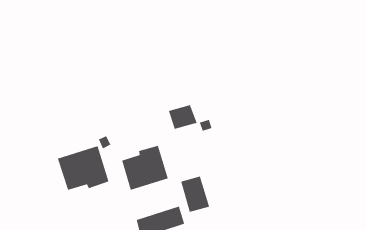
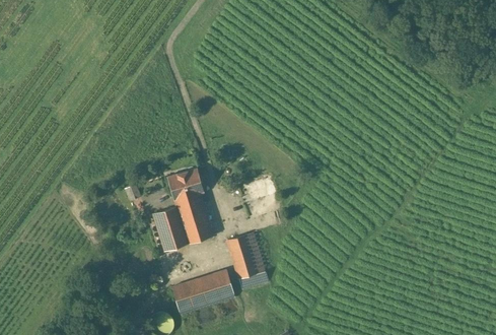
building: [168,104,198,130] -> [166,169,204,201]
building: [57,145,110,191] -> none

